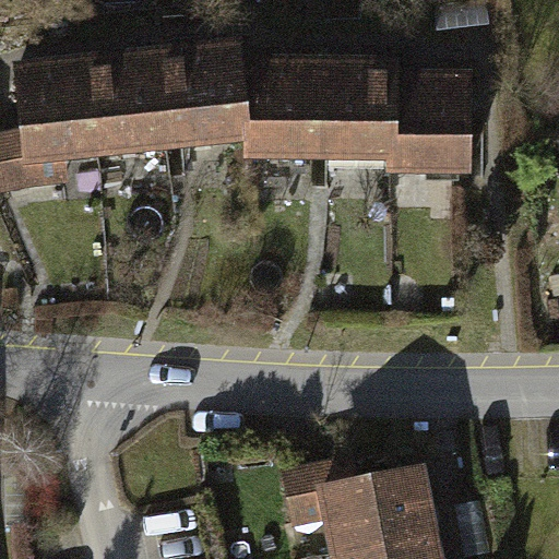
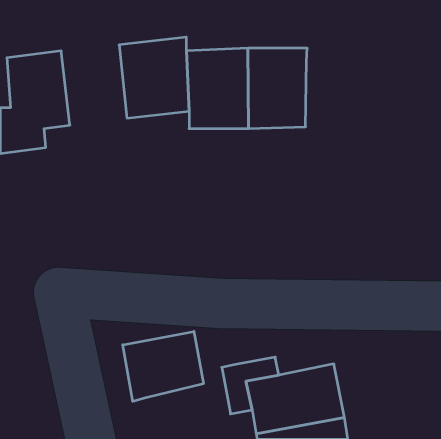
building: [78,57,160,158] -> none
building: [385,78,468,181] -> none
building: none -> [123,331,203,401]

